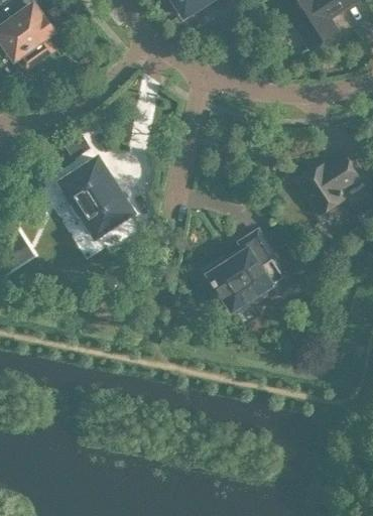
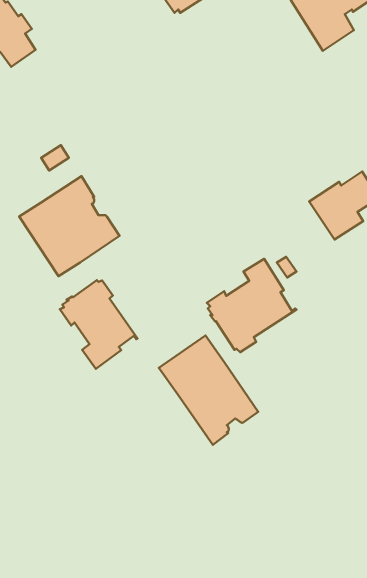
building: none -> [60,280,137,369]
building: none -> [159,336,258,445]

